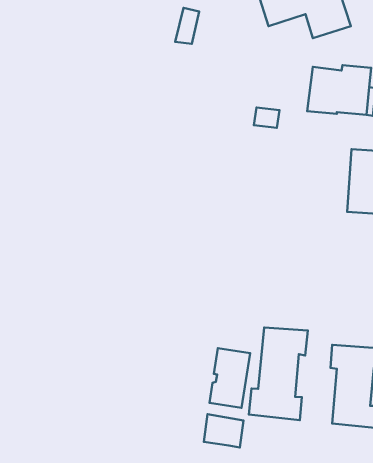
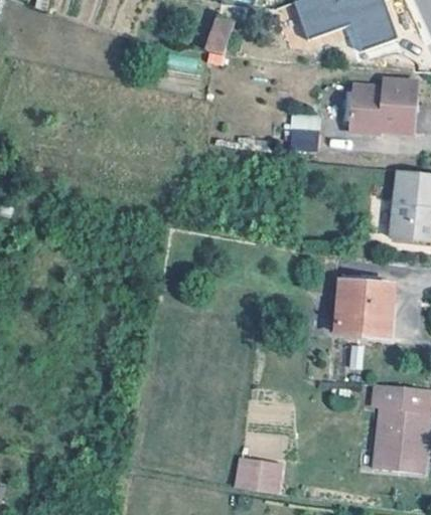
building: none -> [337,281,395,340]
building: [249,327,308,420] -> none
building: [209,348,250,408] -> none

